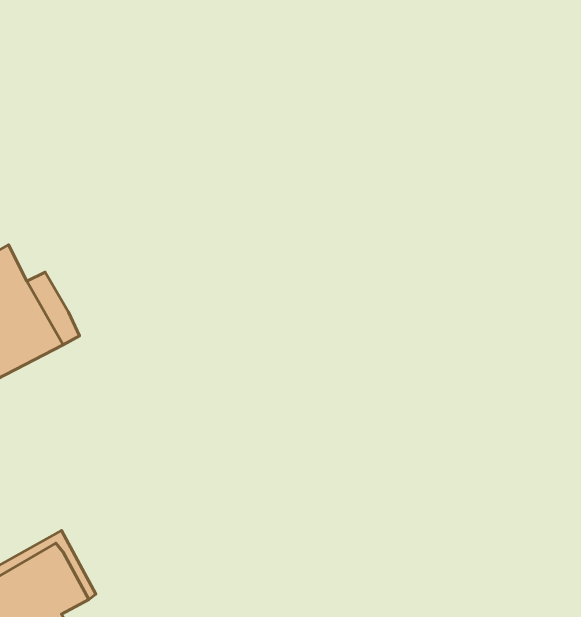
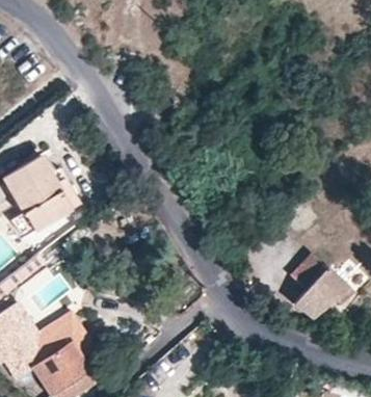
building: none -> [286,255,343,319]

